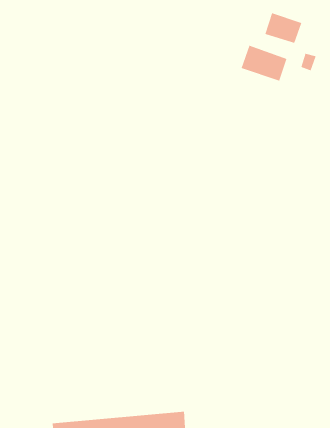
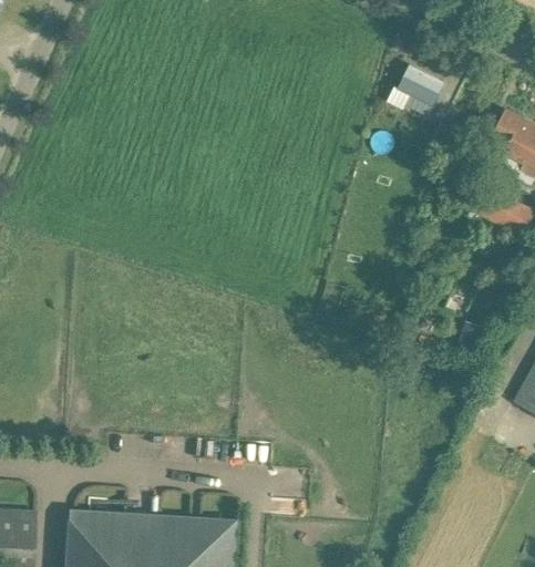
building: [241,45,287,82] -> none

